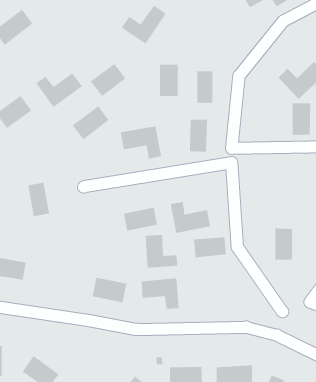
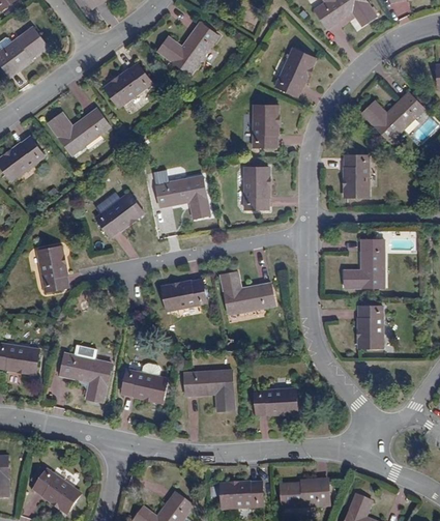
building: none -> [278,49,316,95]
building: [90,63,126,97] -> [106,61,152,105]
building: [159,64,178,97] -> none
building: [292,103,311,135] -> [343,155,368,197]
building: [72,105,110,140] -> [96,192,145,236]
building: none -> [342,239,382,287]
building: [145,234,178,269] -> none
building: [193,237,227,258] -> [254,389,297,416]
building: none -> [59,353,109,403]

